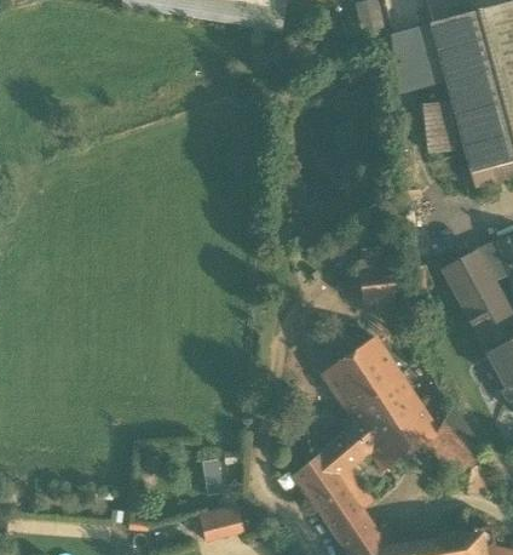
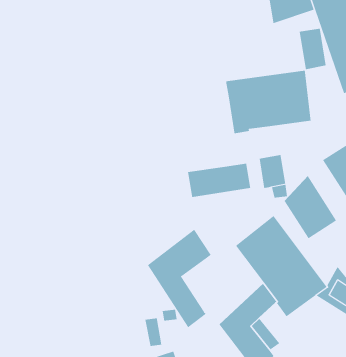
building: none -> [226,70,311,134]
building: none -> [187,163,251,198]
building: none -> [284,175,337,239]
building: none -> [147,229,211,328]

